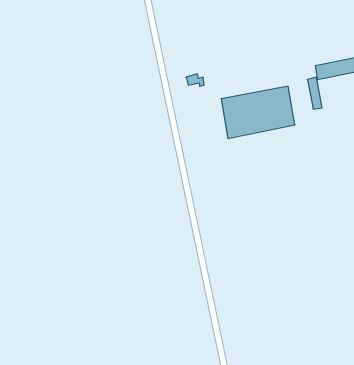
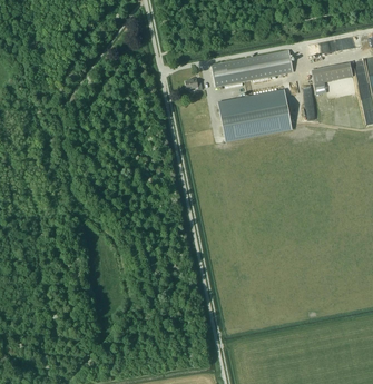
building: none -> [212,49,293,86]

